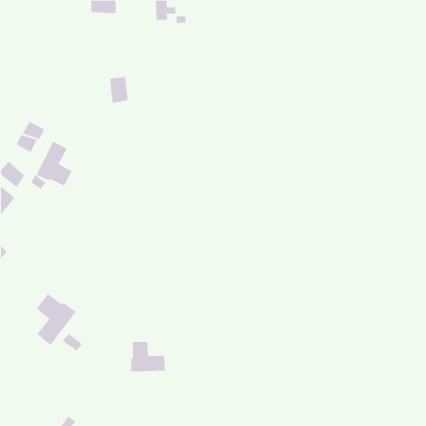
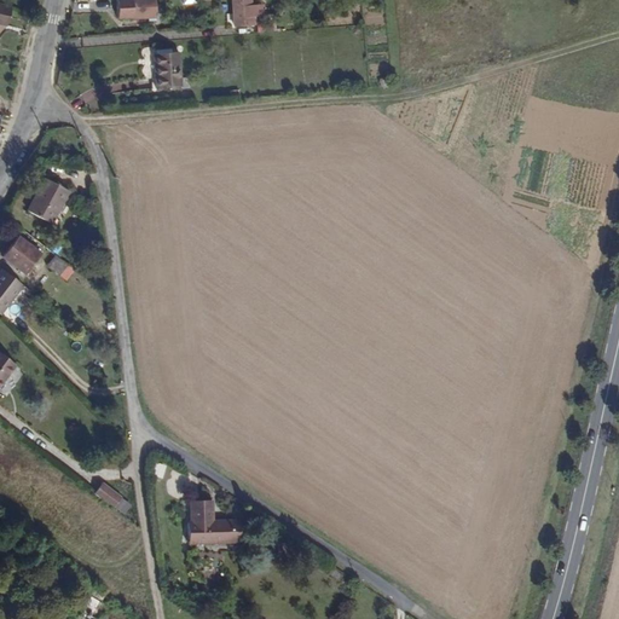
building: [109,77,129,104] -> [152,53,180,92]
building: [36,141,72,187] -> none
building: [36,293,77,346] -> none

